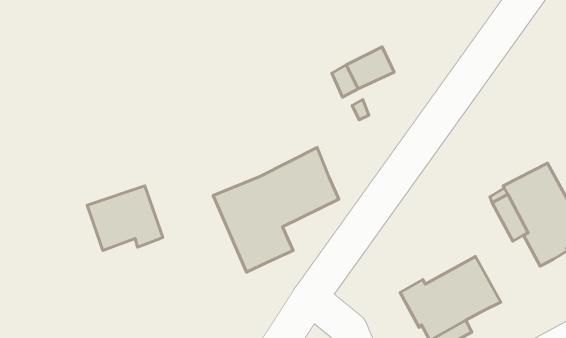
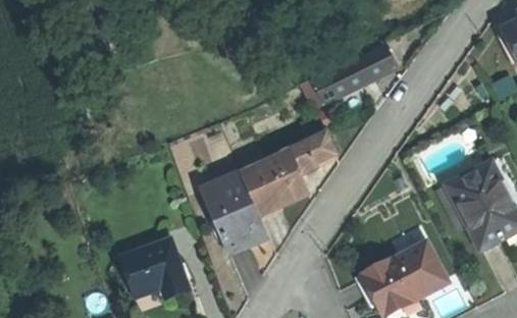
building: none -> [346,43,397,85]
building: none -> [291,131,335,174]
building: [87,186,163,251] -> [121,243,186,298]

